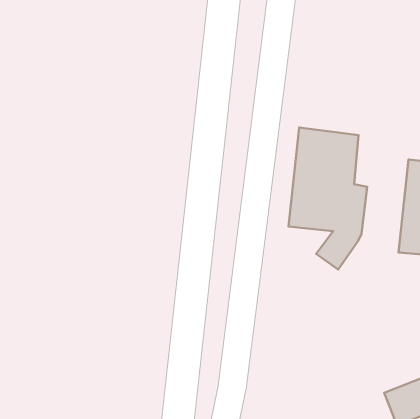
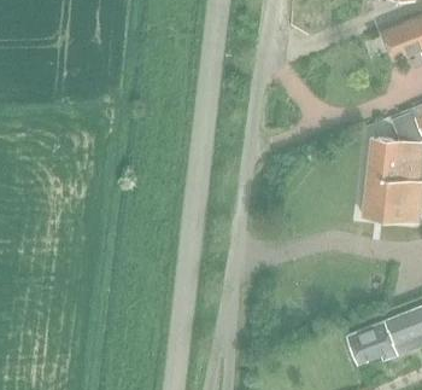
building: [288,127,367,269] -> none

